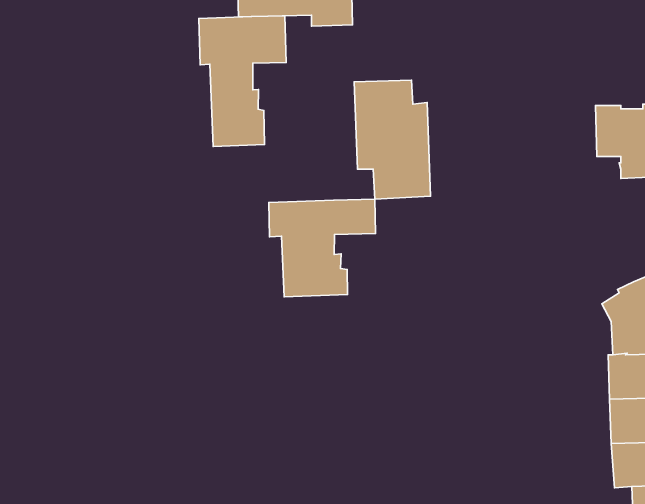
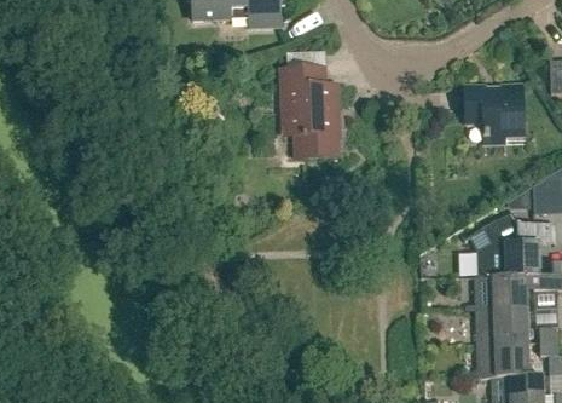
building: [199,16,286,146] -> none
building: [269,199,376,297] -> none

